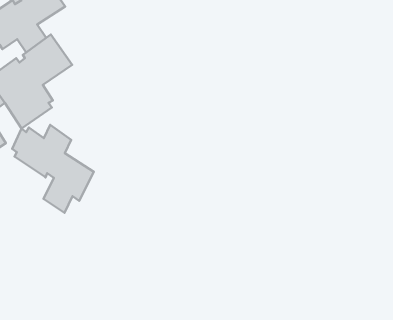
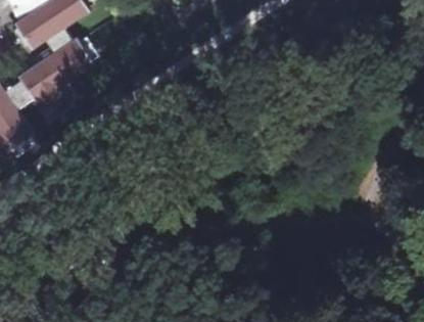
building: [12,125,94,213] -> none

